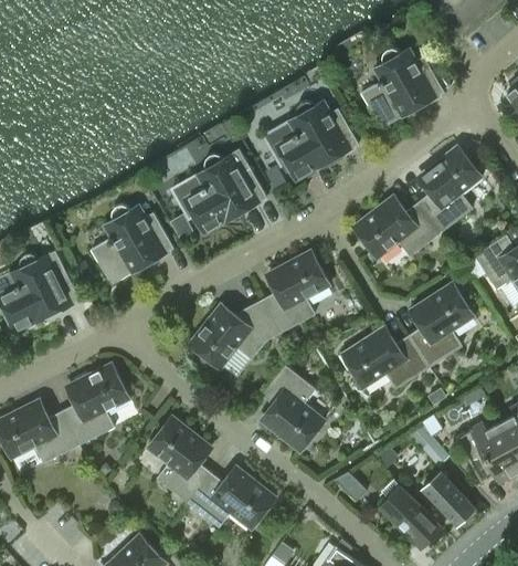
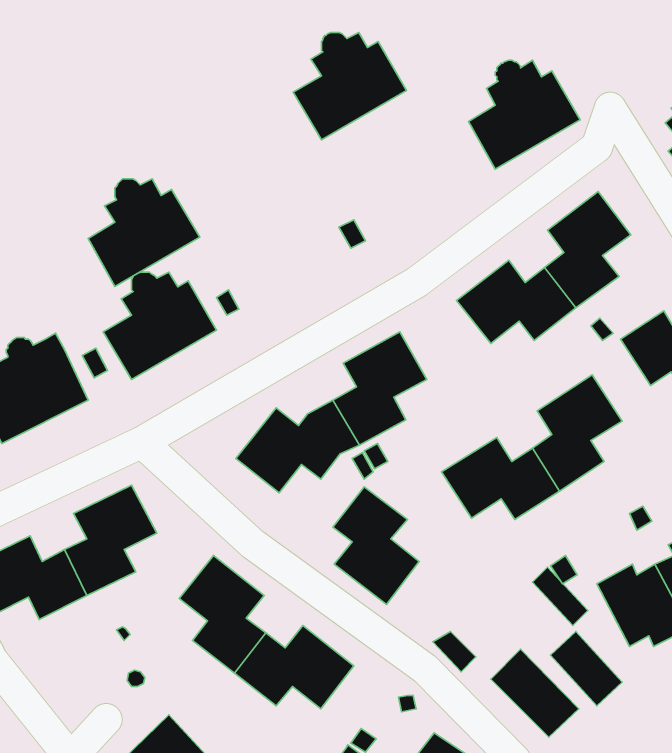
building: [275,102,359,181] -> [293,32,406,140]
building: [184,155,267,234] -> [88,179,200,286]

